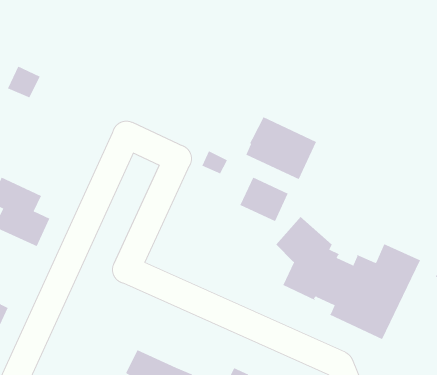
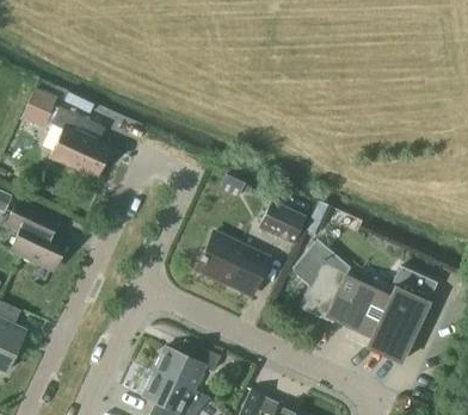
building: none -> [50,107,110,179]
building: [245,117,317,180] -> [197,234,269,297]
building: none -> [154,341,221,391]

